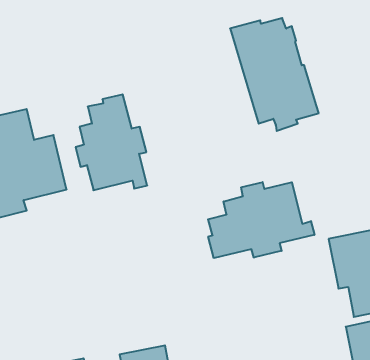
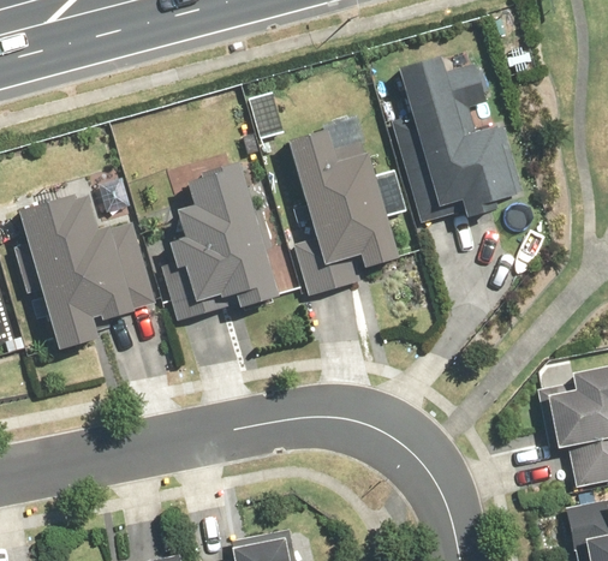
building: none -> [288,129,397,302]
building: [208,182,314,258] -> none

